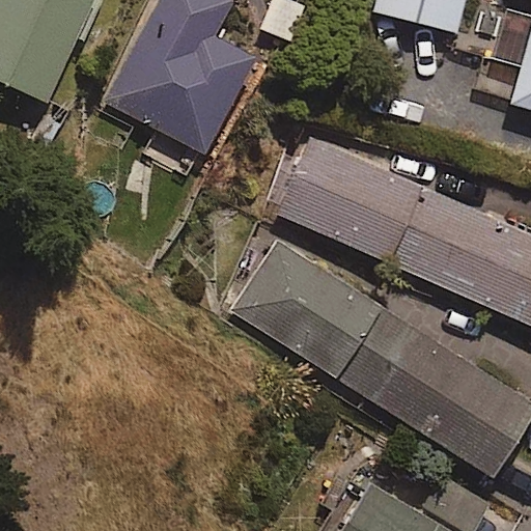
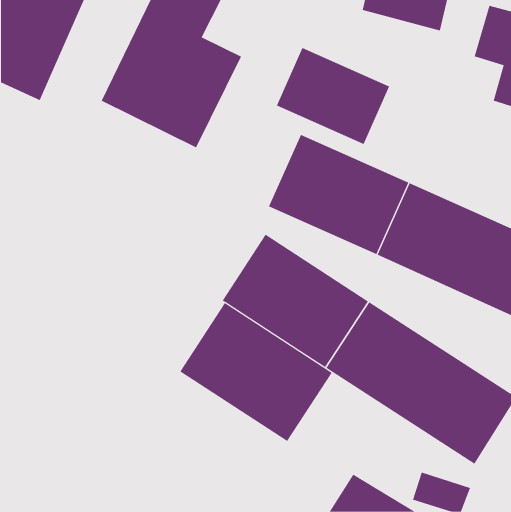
building: none -> [276,47,390,145]
building: none -> [180,302,332,442]

